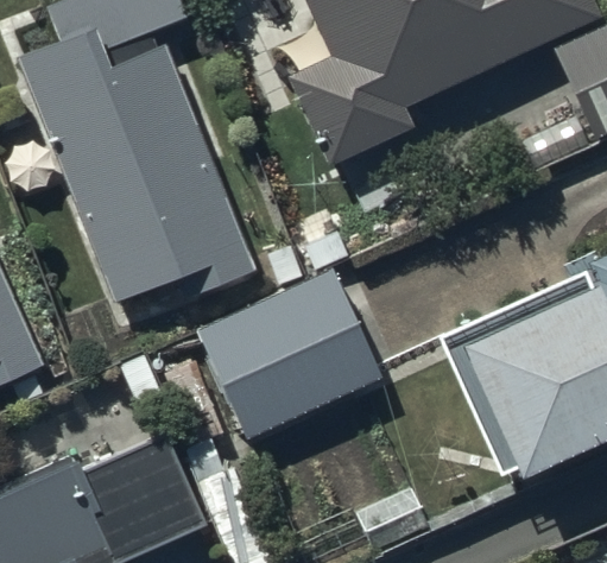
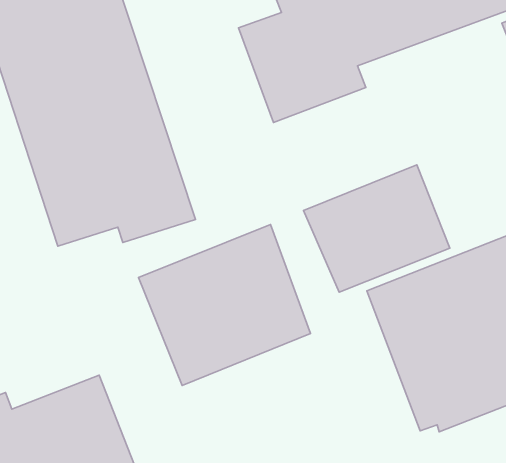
building: none -> [303,165,450,292]

